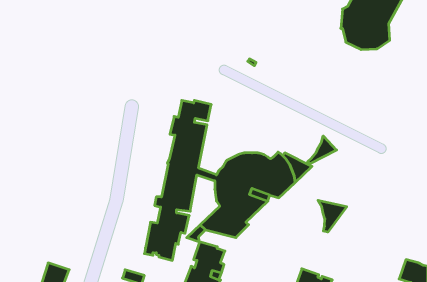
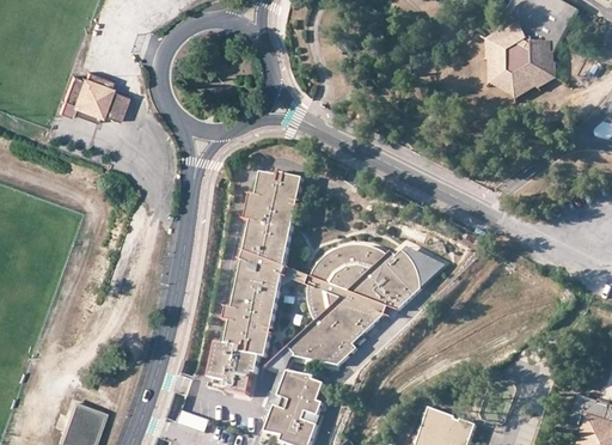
building: none -> [59,71,127,120]
building: [308,136,337,164] -> none
building: [318,200,347,232] -> none

